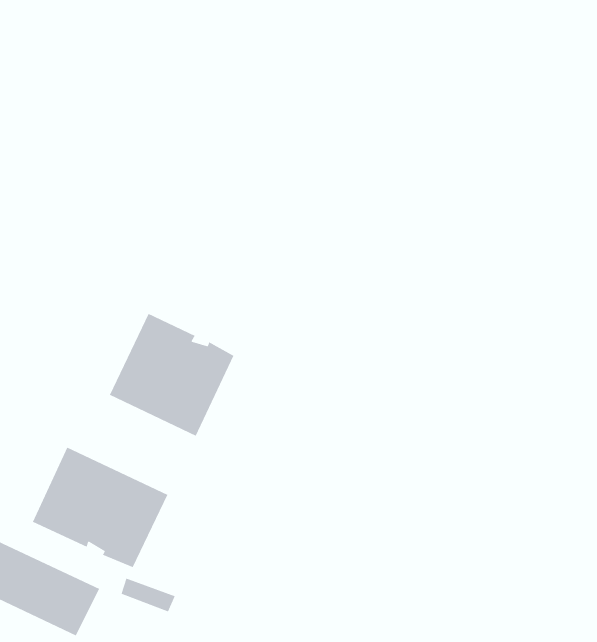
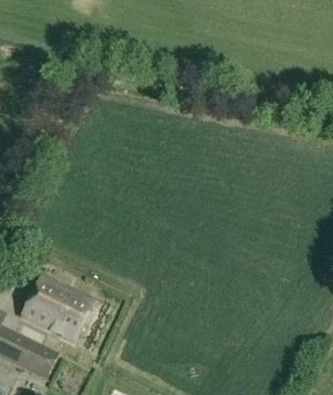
building: [109,313,235,437] -> none

